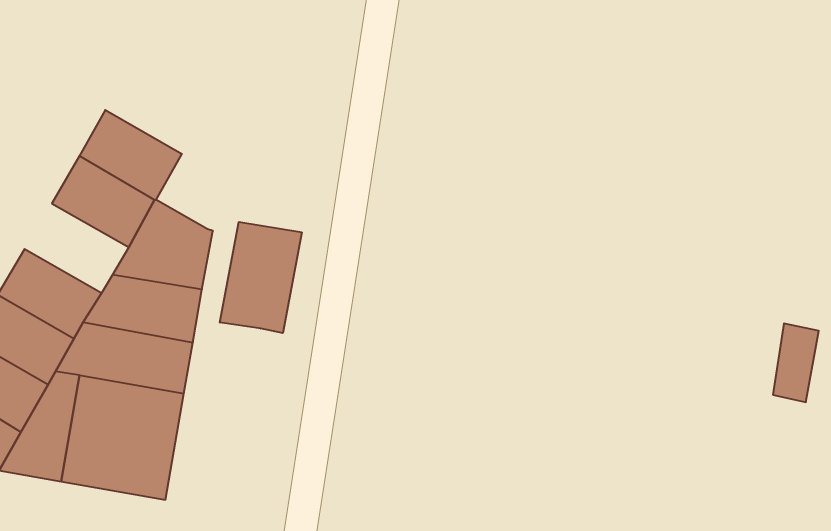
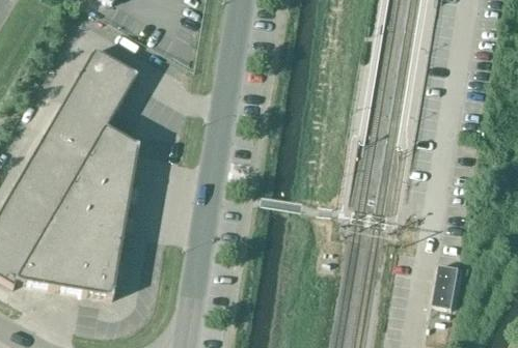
building: none -> [77,47,136,99]
building: none -> [31,127,90,178]
building: [220,222,302,333] -> none
building: [773,323,819,402] -> [433,261,459,306]

